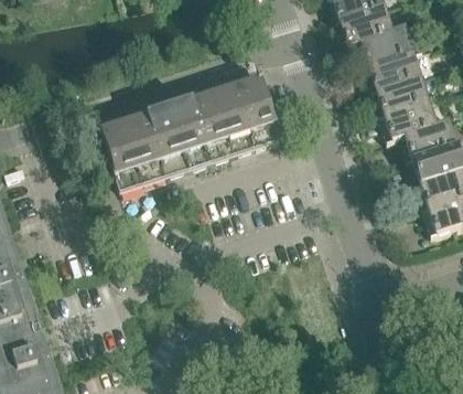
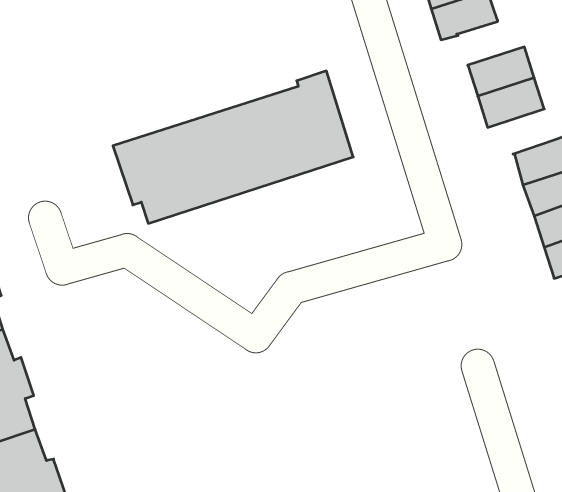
building: [363,20,416,60] -> none
building: [387,94,439,134] -> none

